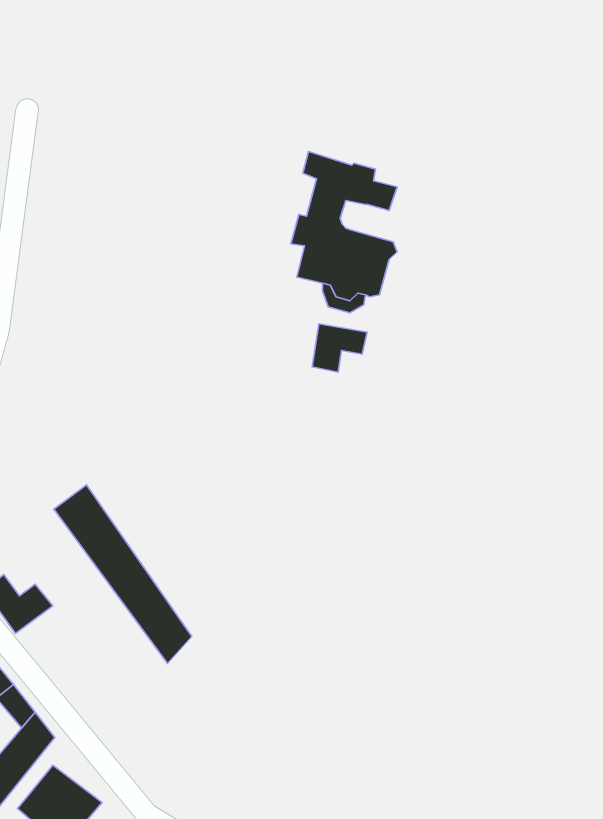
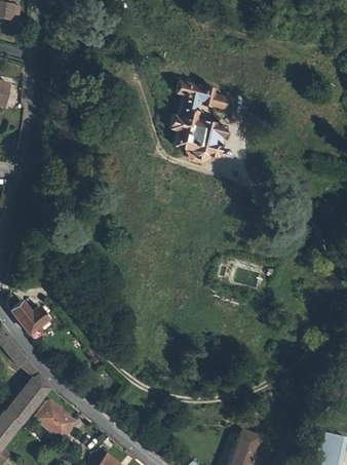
building: [312,324,367,372] -> none
building: [54,485,192,663] -> none

